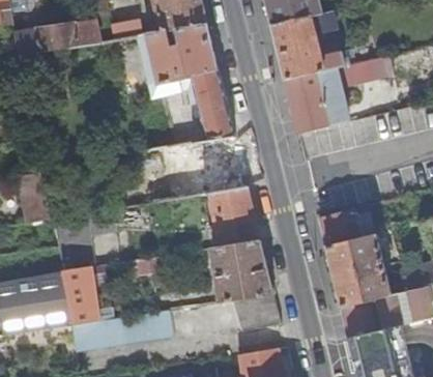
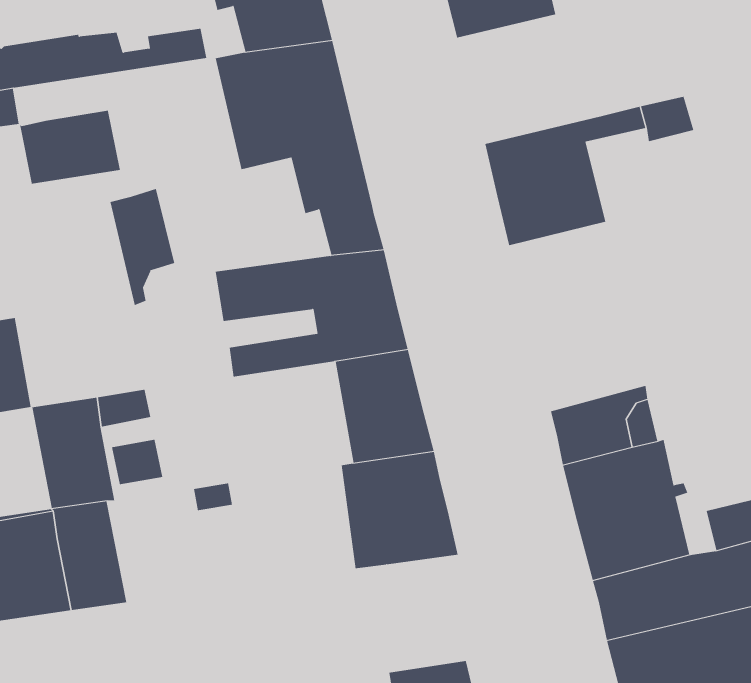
building: [271,11,346,81] -> none
building: none -> [19,110,120,185]
building: none -> [110,188,175,306]
building: [235,294,281,330] -> none
building: [71,309,173,349] -> none

